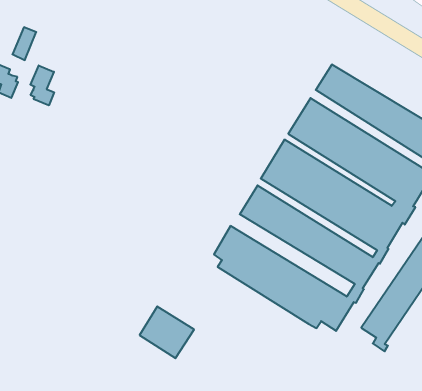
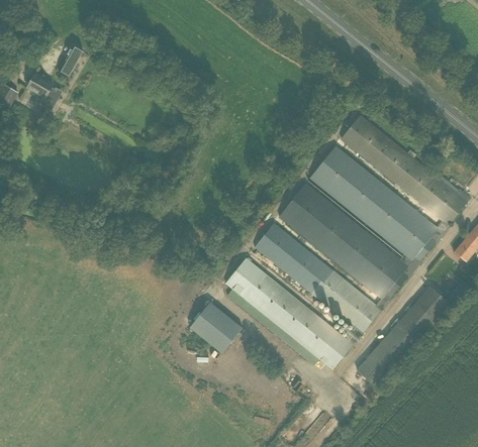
building: [30,65,54,105] -> none
building: [140,306,194,358] -> [189,300,242,351]

